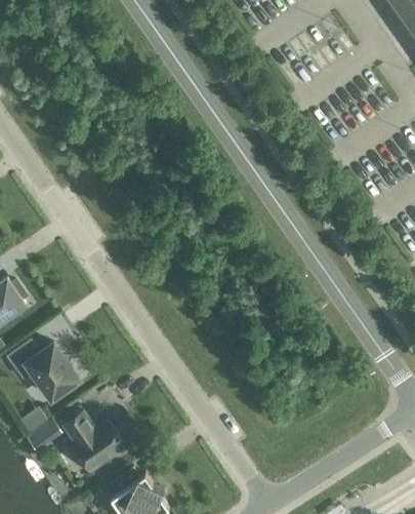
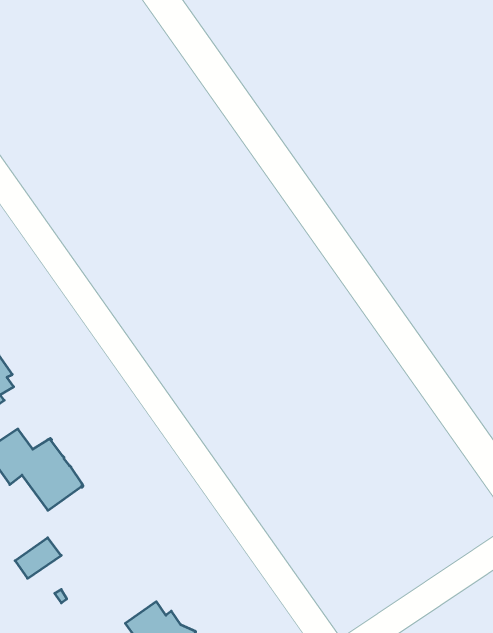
building: [64,413,126,474] -> none

